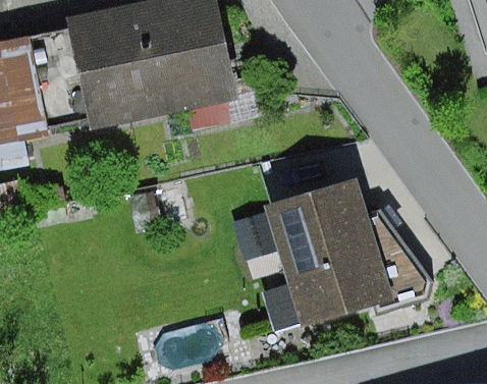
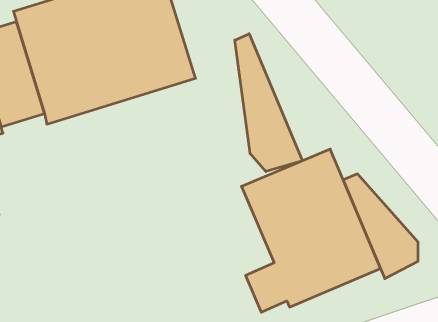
building: none -> [235,34,302,172]

